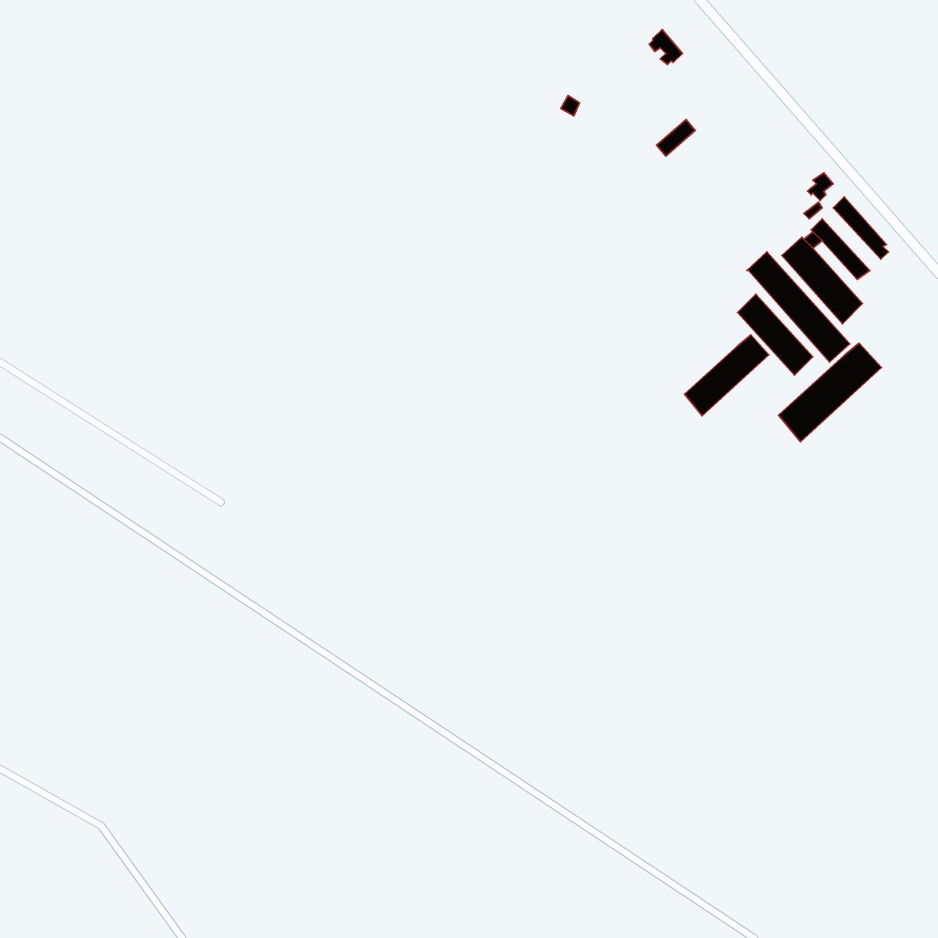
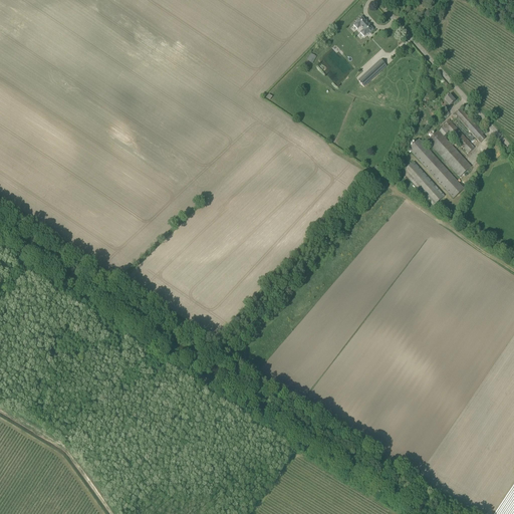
building: [685,335,769,416] -> none
building: [779,343,881,442] -> none

